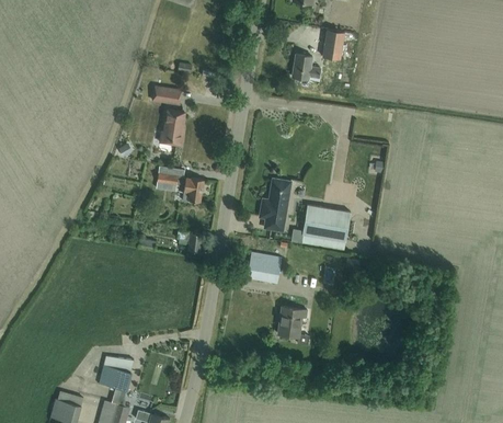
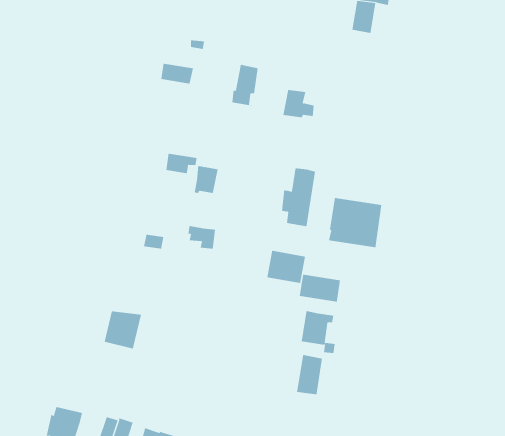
building: [291,54,320,79] -> [283,89,315,118]
building: [160,108,184,146] -> [231,64,259,106]
building: none -> [299,274,341,303]
building: none -> [297,354,322,395]
building: [99,356,133,390] -> [104,311,142,349]

